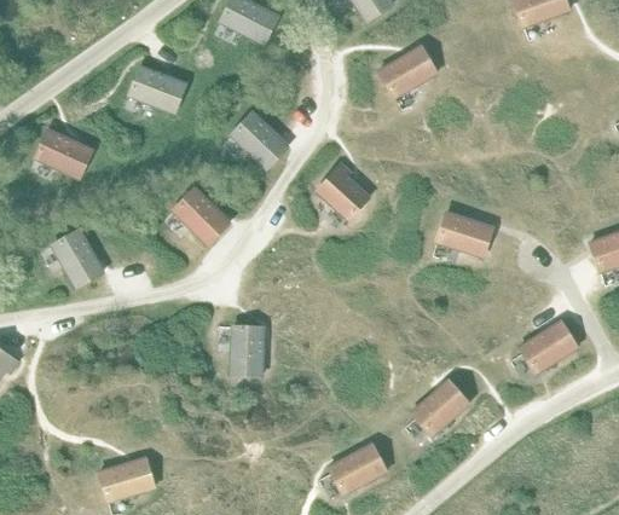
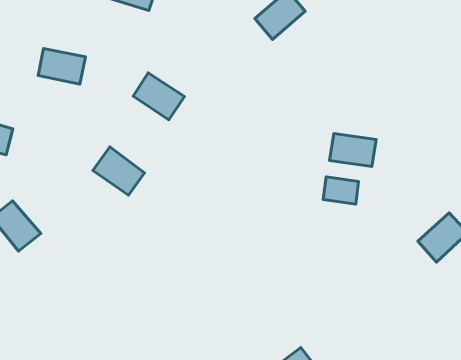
building: [317,164,369,220] -> none
building: none -> [323,177,359,204]
building: [232,326,264,376] -> none
building: [411,381,468,435] -> none

